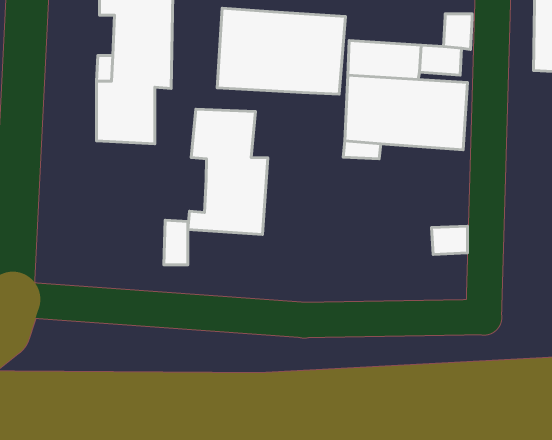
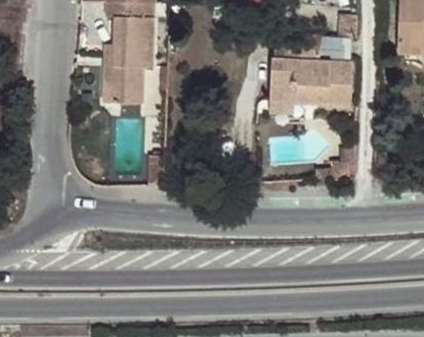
building: [217,8,345,94] -> none
building: [188,109,268,234] -> none

